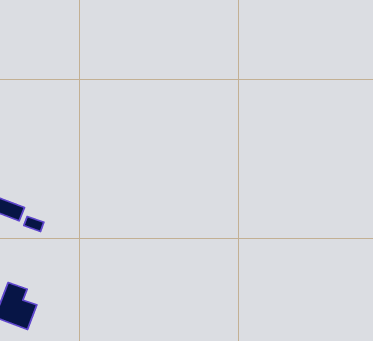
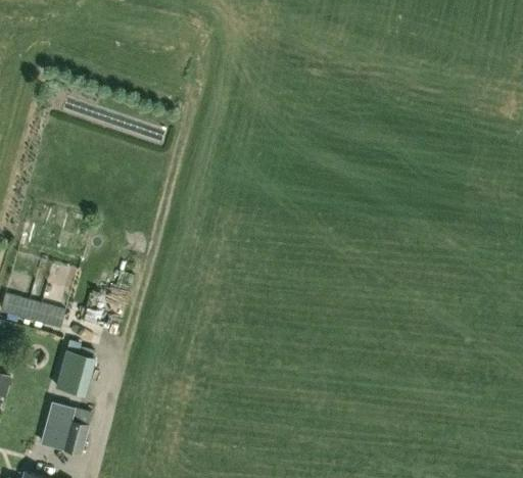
building: none -> [52,345,88,397]

